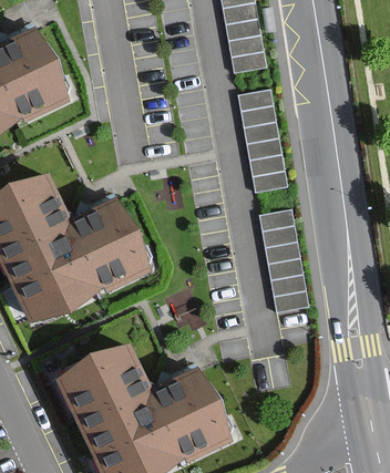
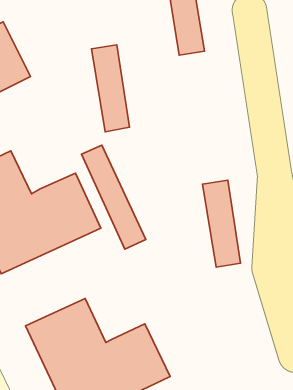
building: [240,91,284,189] -> [91,45,130,132]
building: none -> [82,145,146,249]

